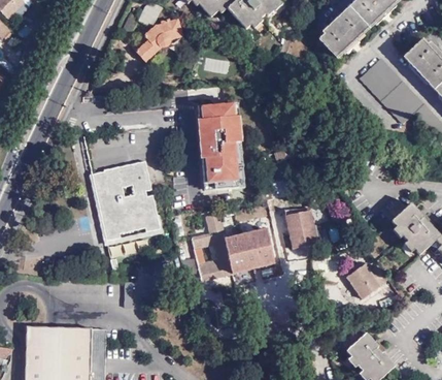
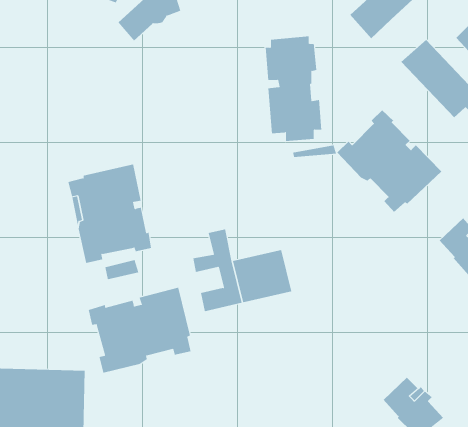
building: [198,103,244,189] -> [265,36,322,142]
building: none -> [336,110,442,213]
building: [283,210,312,248] -> none
building: none -> [88,287,191,374]
building: [345,264,386,298] -> none

